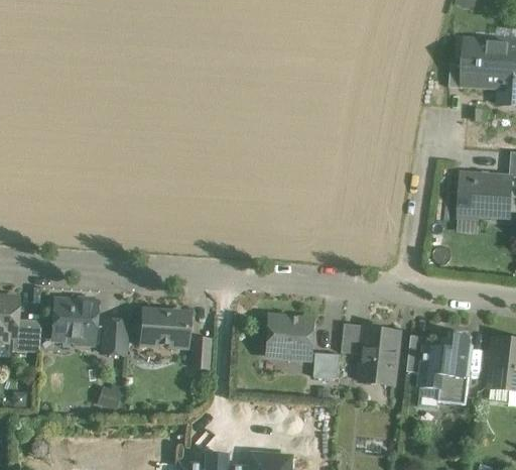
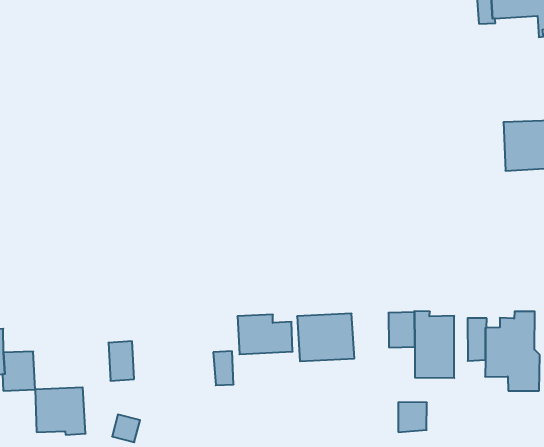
building: [51,301,95,343] -> [35,387,86,435]
building: [140,311,187,346] -> [237,315,293,354]
building: [313,351,341,377] -> [398,402,427,432]

